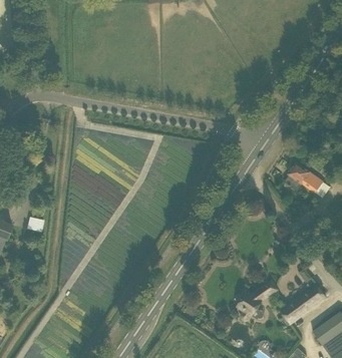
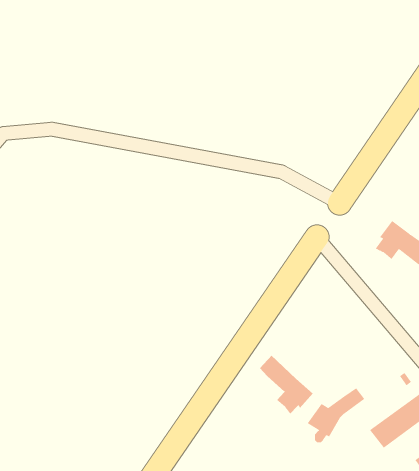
building: none -> [259,355,314,415]

